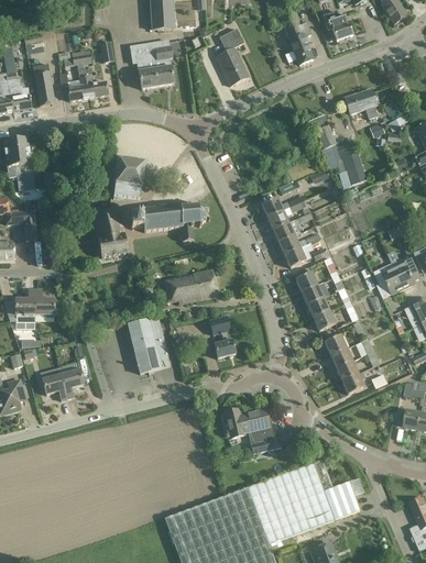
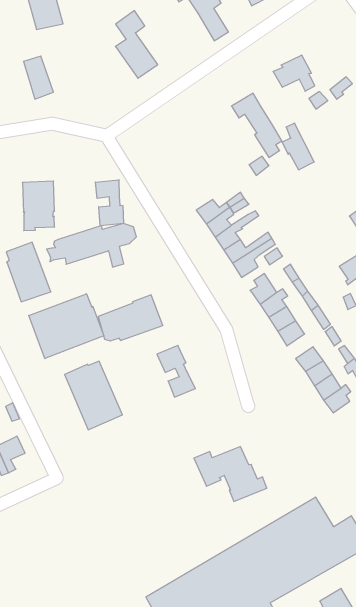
building: [152,45,173,85] -> none
building: none -> [95,180,124,226]
building: none -> [29,294,104,359]

